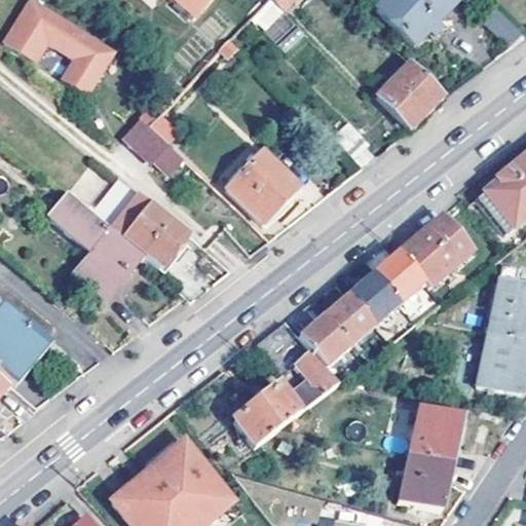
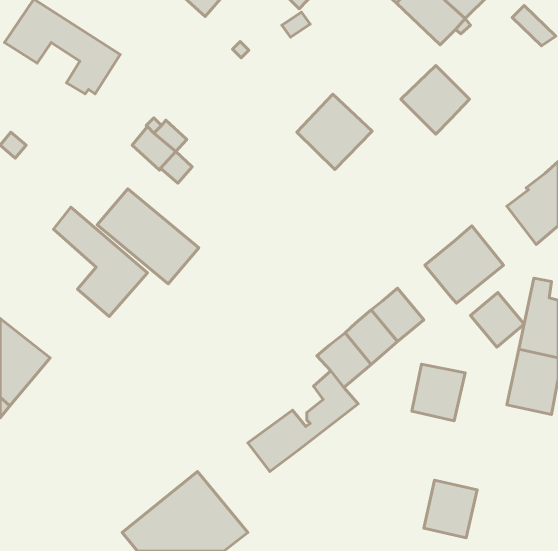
building: [227,151,298,222] -> [297,94,372,169]
building: [374,250,424,301] -> [471,293,524,347]
building: [409,408,459,461] -> [412,364,465,421]

